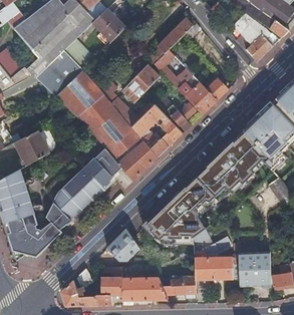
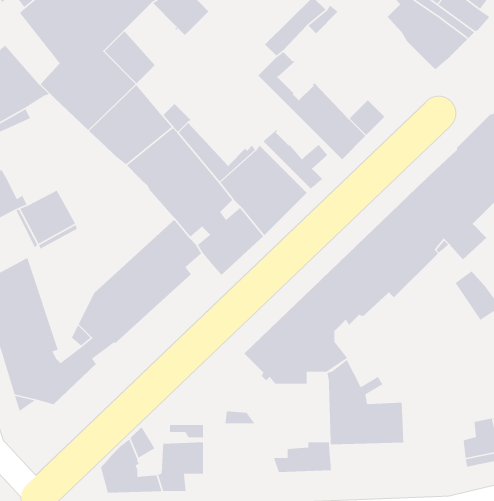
building: [122,65,159,102] -> none
building: [107,229,140,261] -> none
building: [238,252,271,288] -> none
building: [122,278,168,301] -> none

